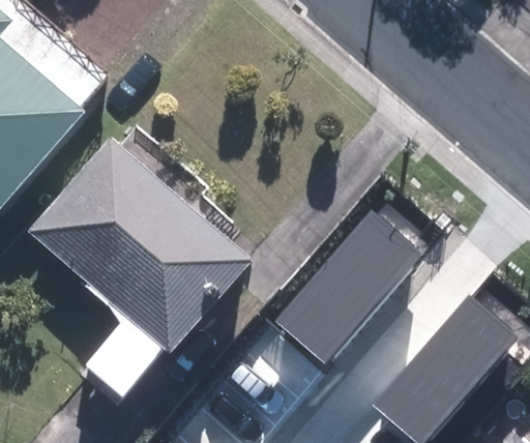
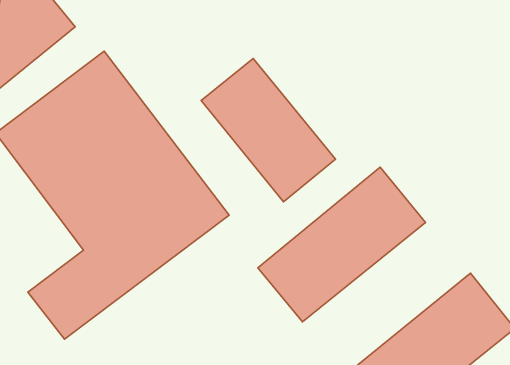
building: none -> [201,59,336,202]

